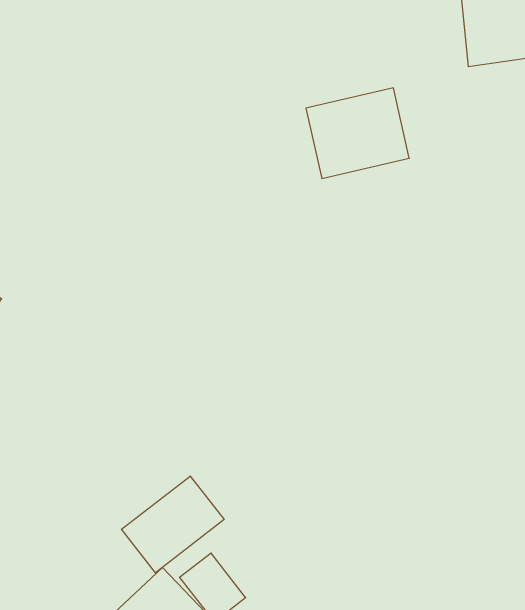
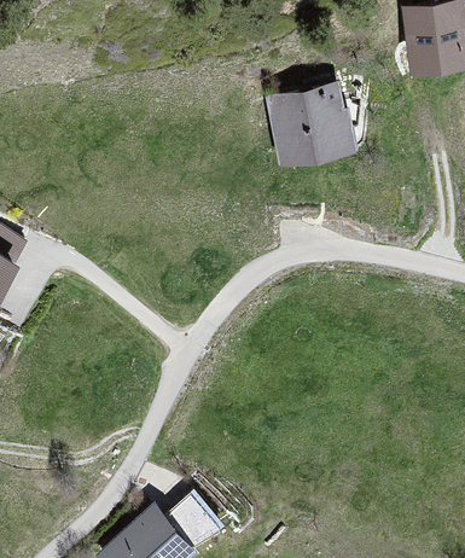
building: [121,476,224,573] -> none

